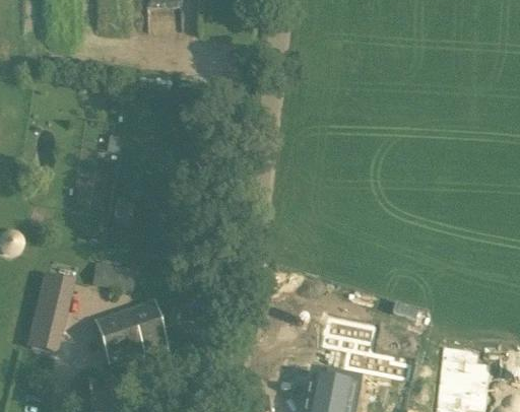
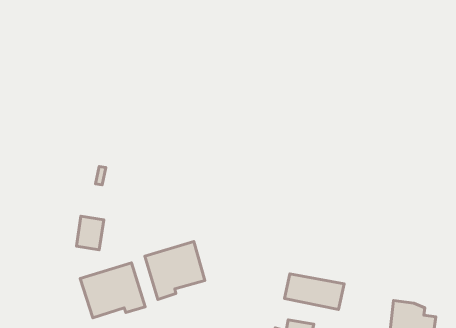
building: [26,272,73,353] -> none
building: none -> [145,241,205,300]

